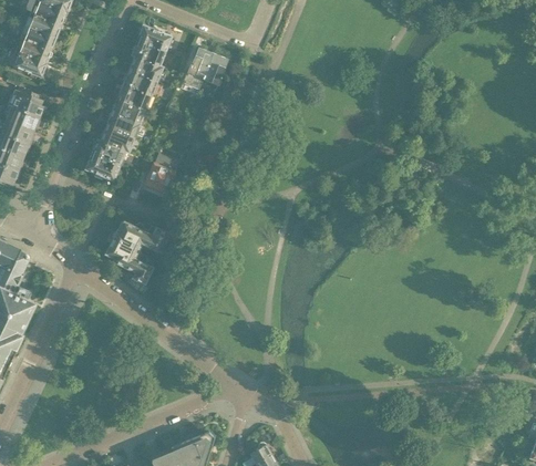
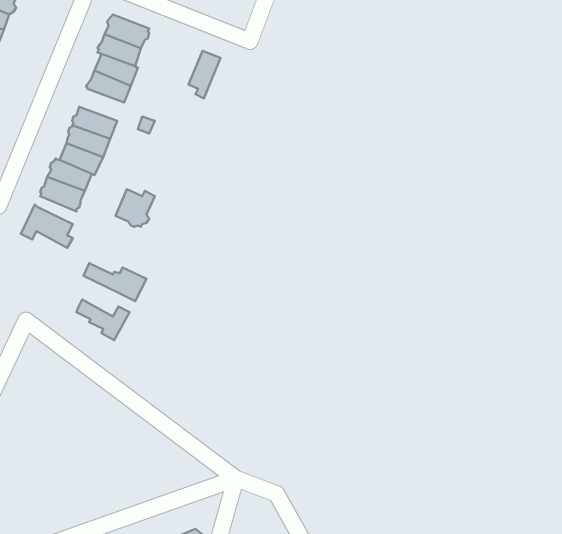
building: [188,49,214,82] -> none
building: [116,85,152,111] -> none
building: [106,231,147,266] -> [21,204,73,248]

